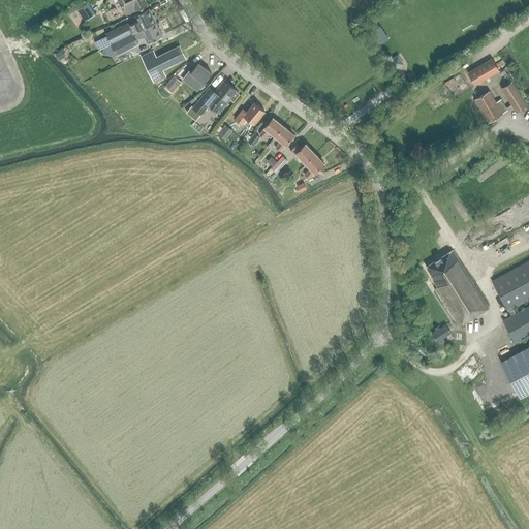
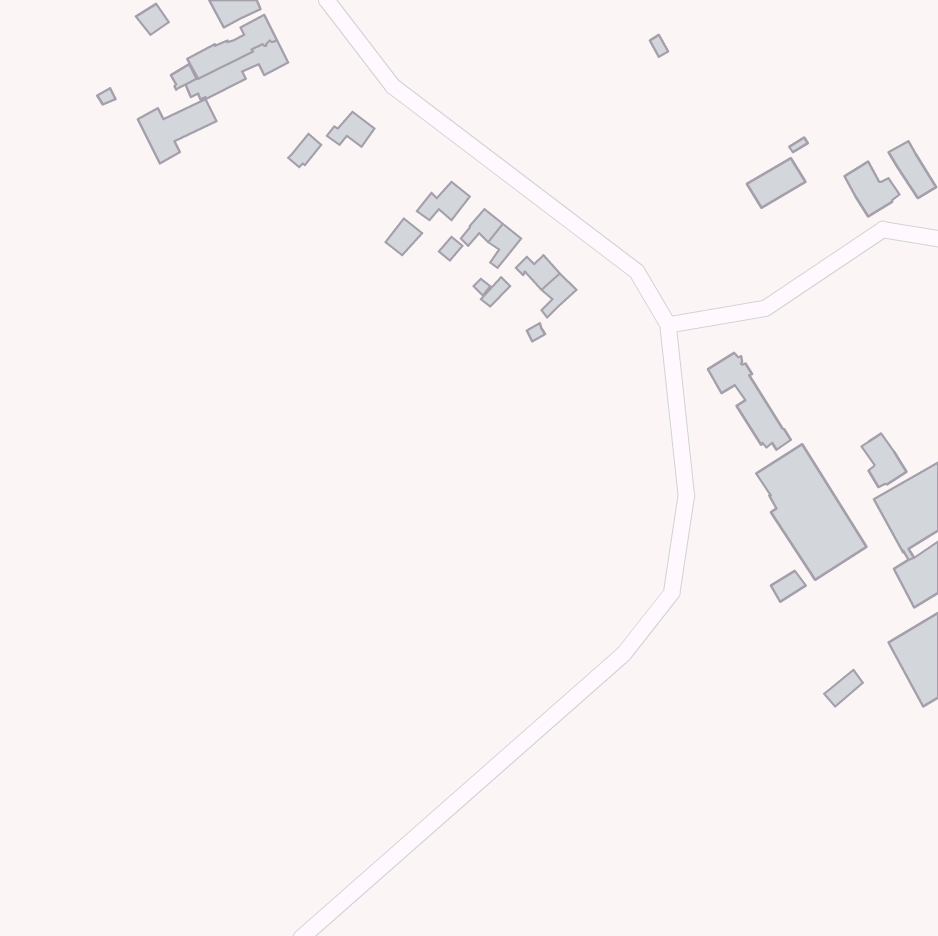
building: [142,46,186,83] -> [138,99,217,163]
building: [467,58,500,86] -> [747,158,805,208]
building: [193,82,240,116] -> none
building: none -> [708,353,791,450]
building: none -> [861,434,907,487]

